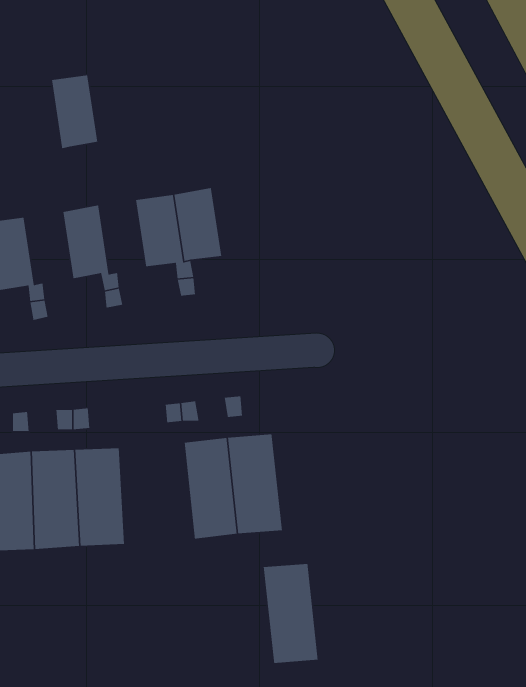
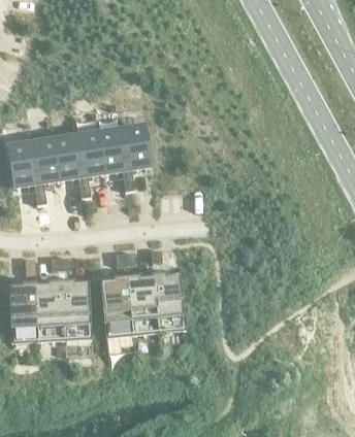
building: [51,74,98,149] -> [75,131,103,175]
building: none -> [31,138,60,181]
building: [263,563,318,664] -> [99,275,132,335]

